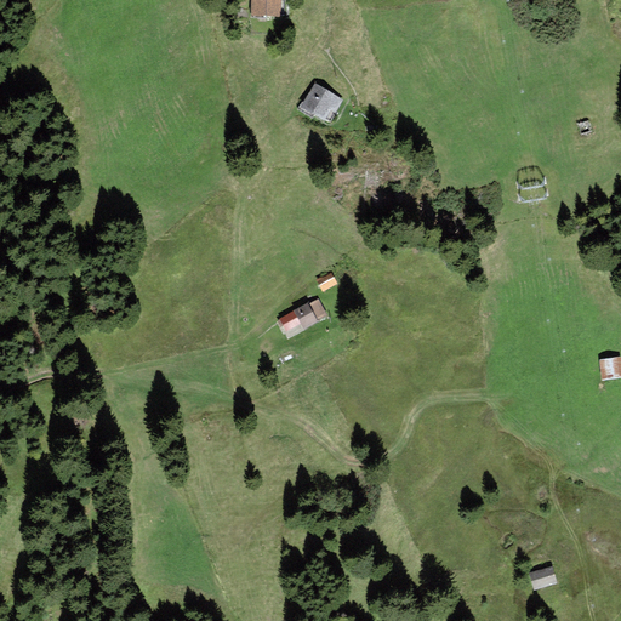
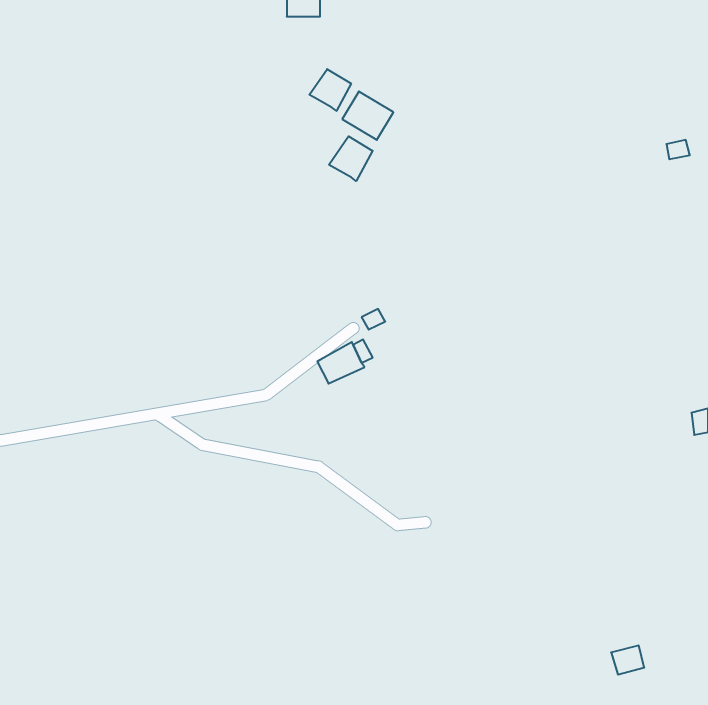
building: none -> [309,69,351,111]
building: none -> [329,136,373,181]

